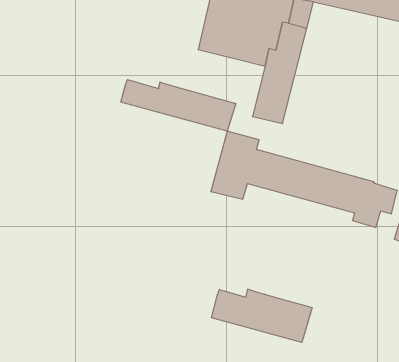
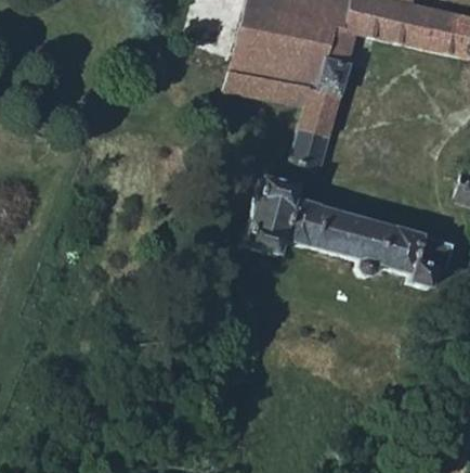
building: [121,80,236,131] -> none
building: [211,289,312,342] -> none

